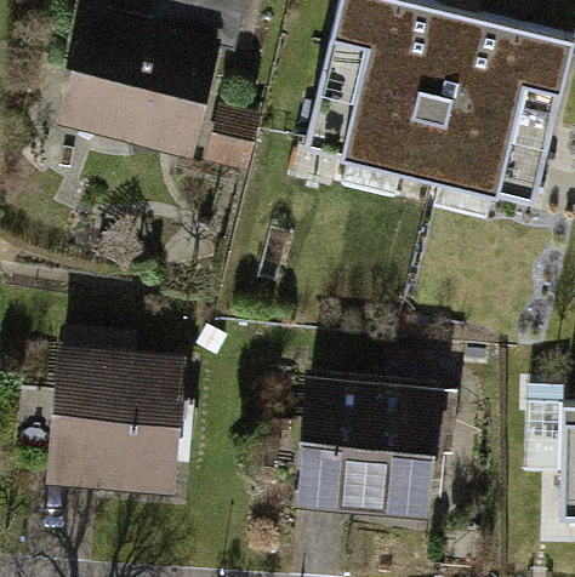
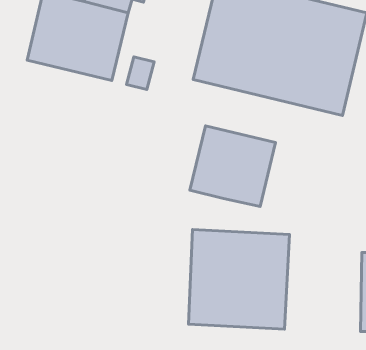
building: none -> [190,126,276,206]
building: [56,318,190,492] -> none

